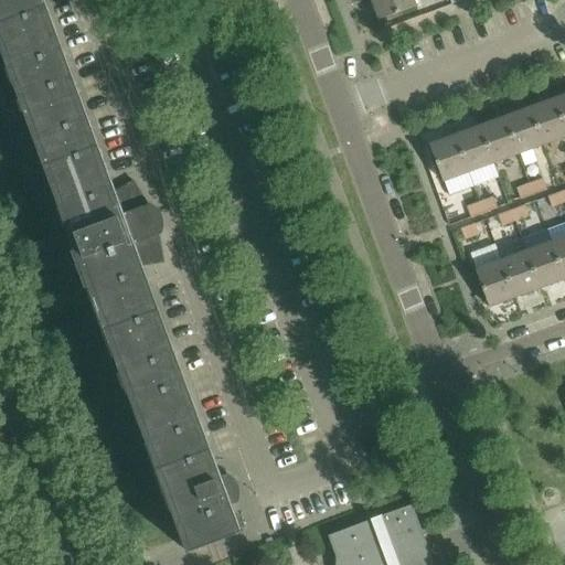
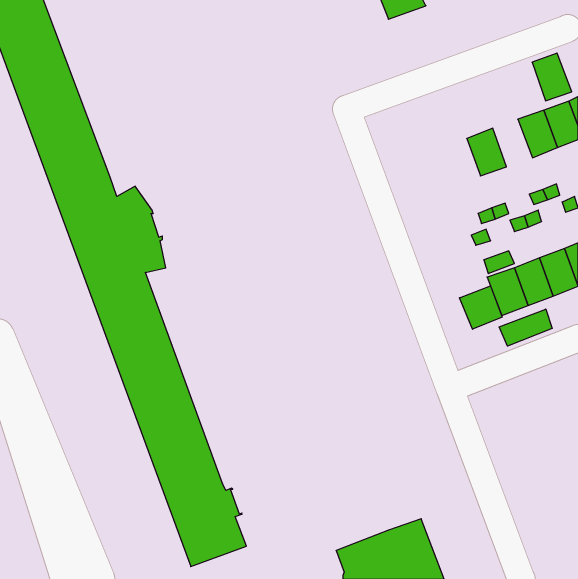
building: [479,116,518,162] -> [532,53,572,101]
building: [427,135,467,181] -> none
building: none -> [459,286,502,329]
building: none -> [499,309,552,346]

